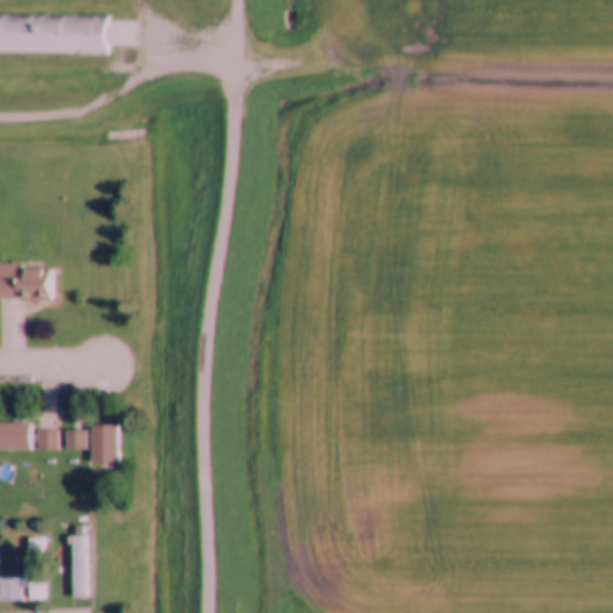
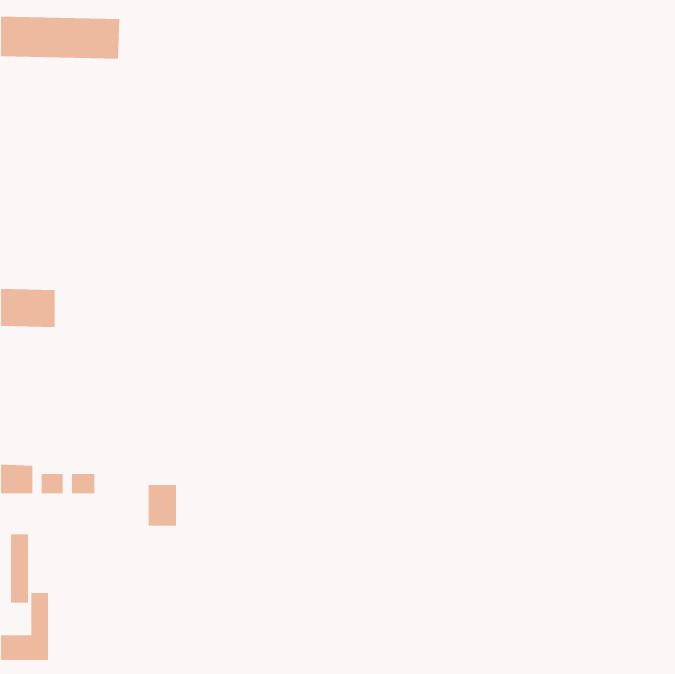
building: [91,424,117,462] -> [148,484,177,527]
building: [69,534,86,597] -> [10,533,29,603]

